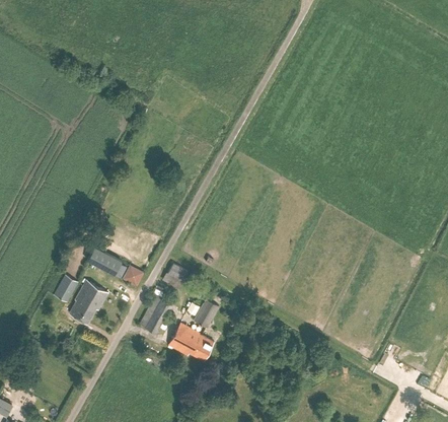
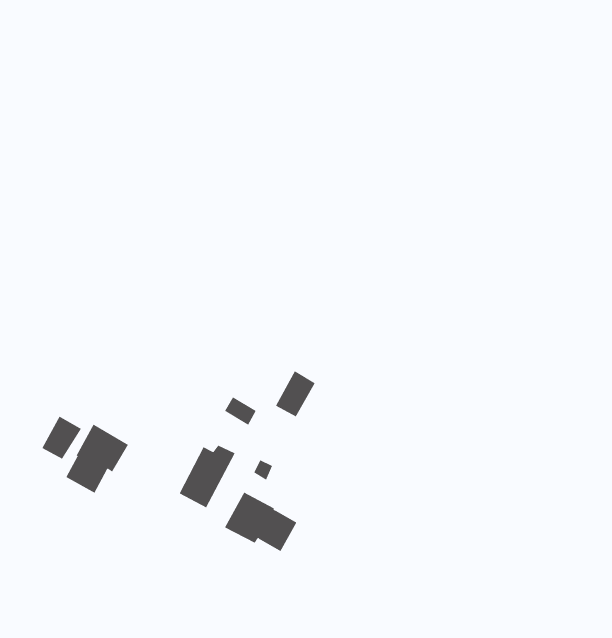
building: [87,248,127,280] -> none
building: [194,300,219,330] -> [275,370,316,417]

